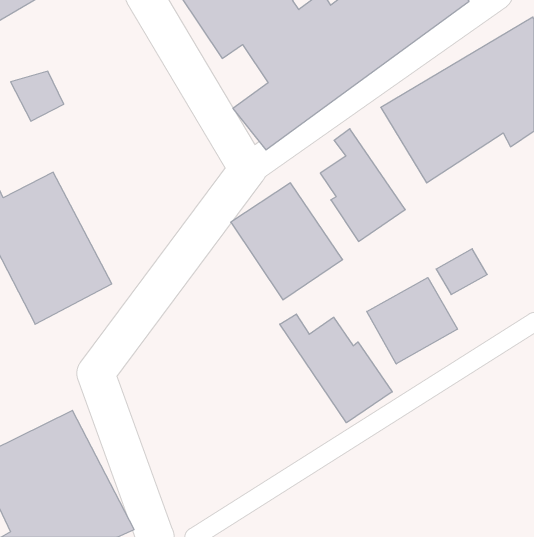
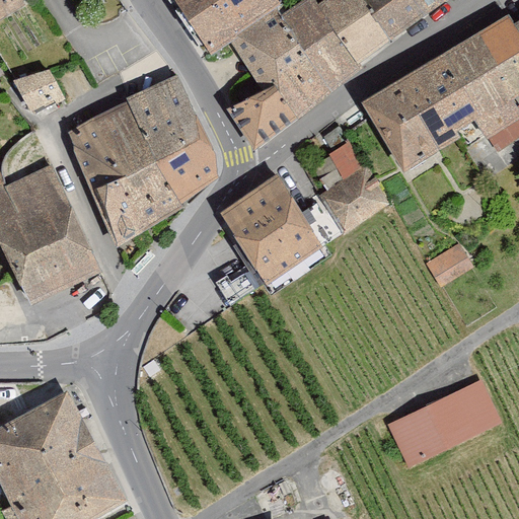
building: none -> [66,76,214,247]
building: [367,278,457,364] -> none
building: [280,314,392,423] -> none
building: none -> [383,378,498,466]

